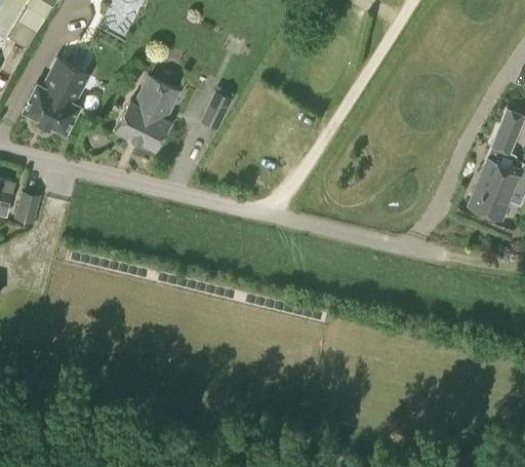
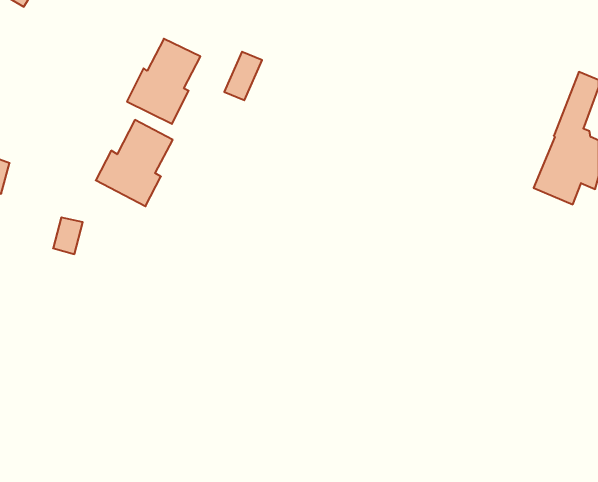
building: [23,60,89,134] -> [96,120,173,206]
building: [14,193,40,225] -> [53,217,83,254]

